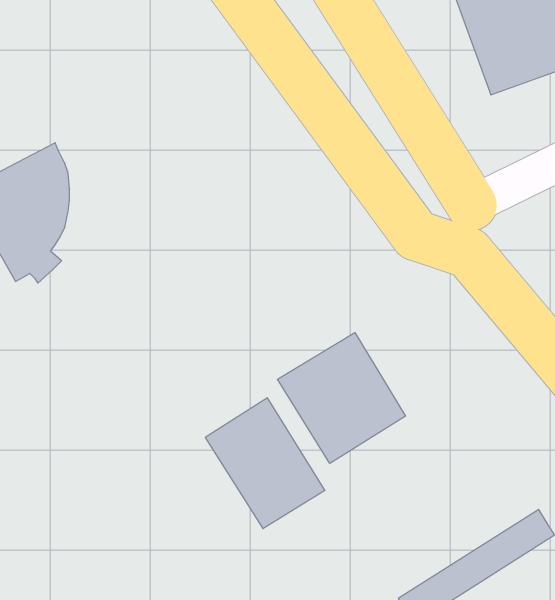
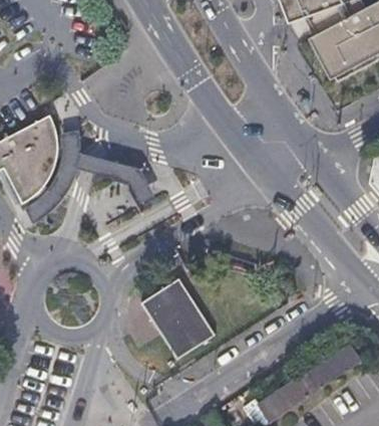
building: none -> [24,130,153,223]
building: [278,333,406,463] -> none

